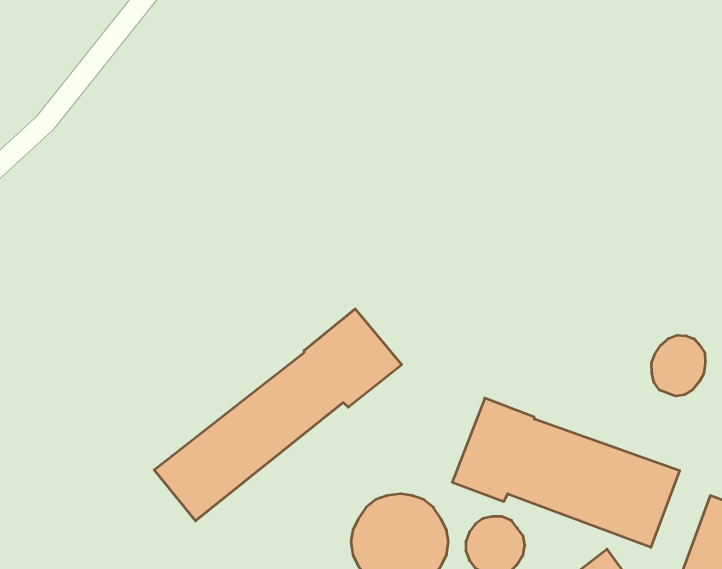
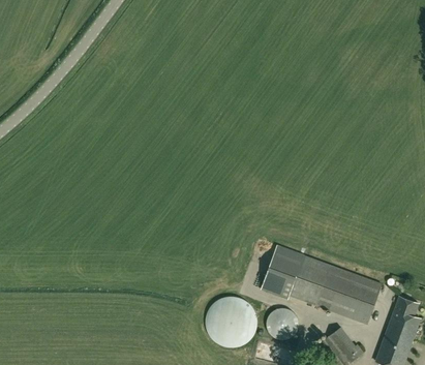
building: [154,309,402,521] -> none
building: [652,335,705,396] -> none

